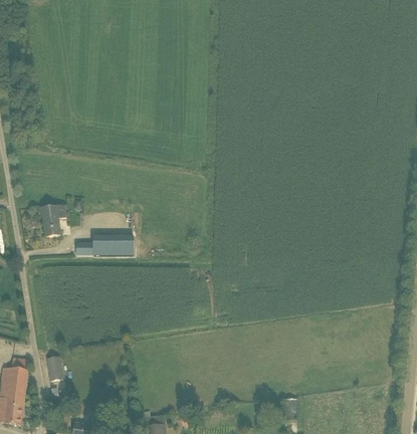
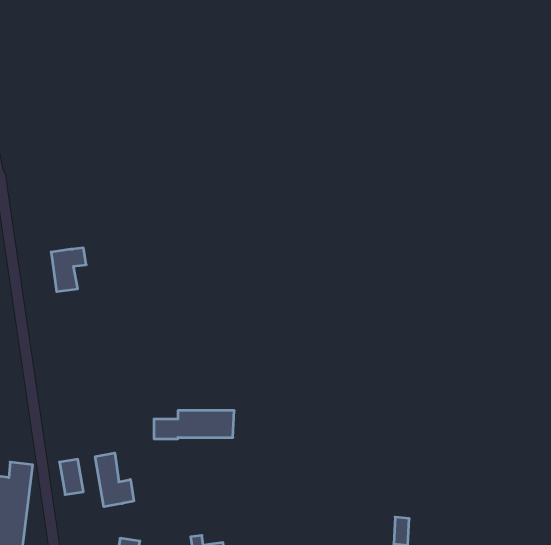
building: [76,235,134,255] -> [154,411,234,439]
building: none -> [95,453,134,507]

